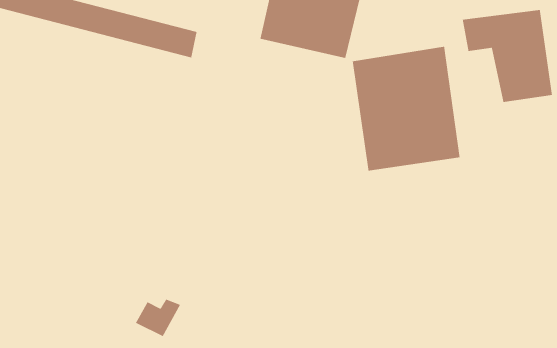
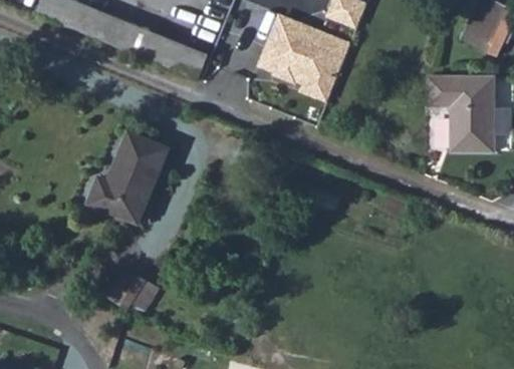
building: [352,46,461,171] -> none
building: none -> [84,130,167,222]

